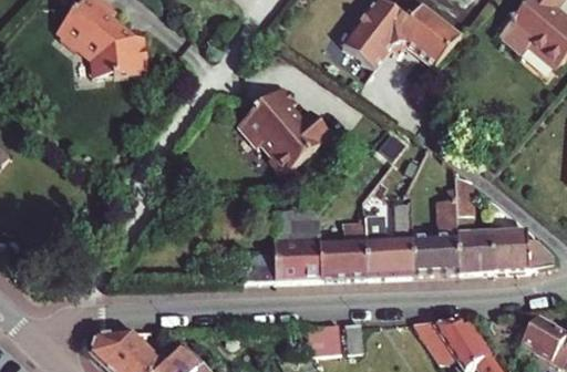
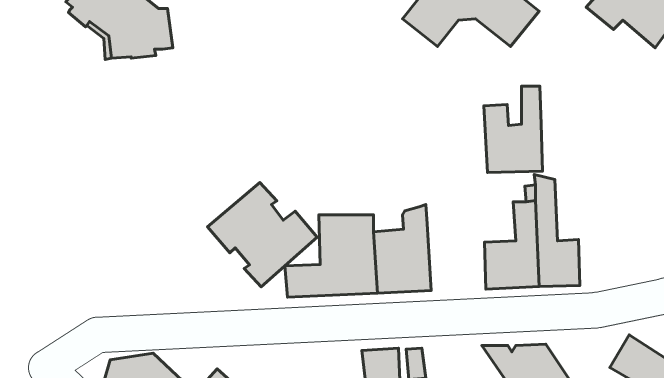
building: [238,86,331,175] -> [208,182,317,287]
building: [364,203,414,276] -> [484,86,542,172]
building: [493,230,555,271] -> none

